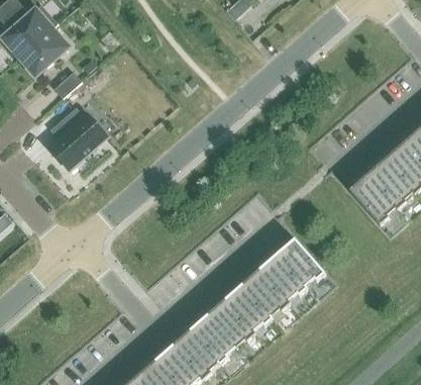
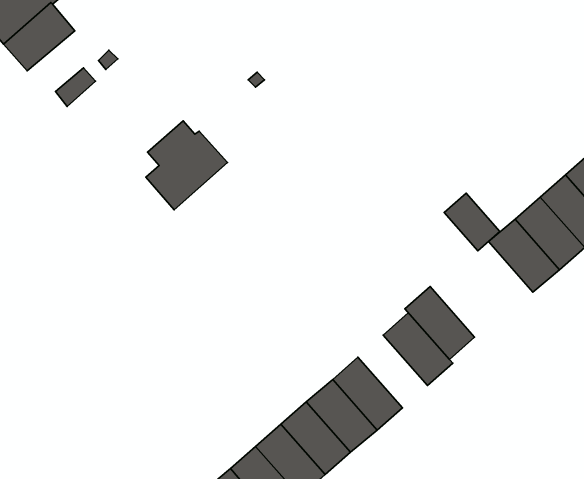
building: [48,108,104,169] -> [146,121,227,210]
building: none -> [444,193,500,251]
building: [259,253,307,302] -> [405,287,475,359]

